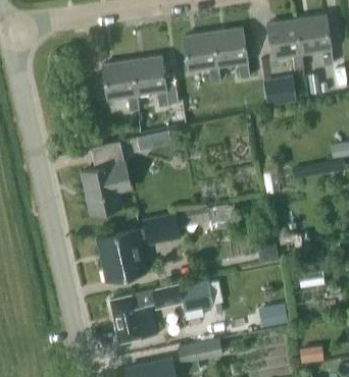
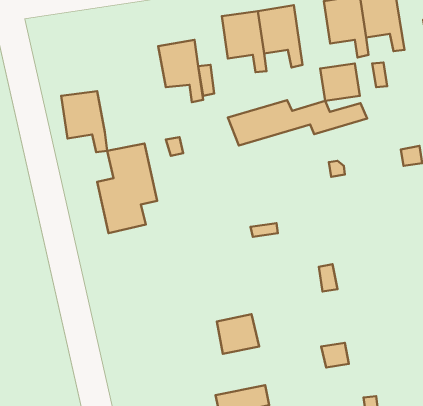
building: [101,61,139,111] -> [61,91,107,152]
building: none -> [228,100,367,145]
building: [96,214,180,281] -> none
building: [109,286,177,342] -> none

